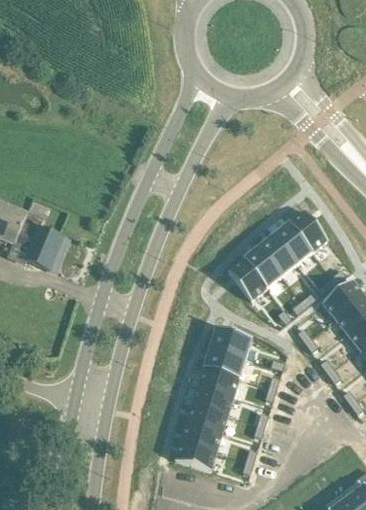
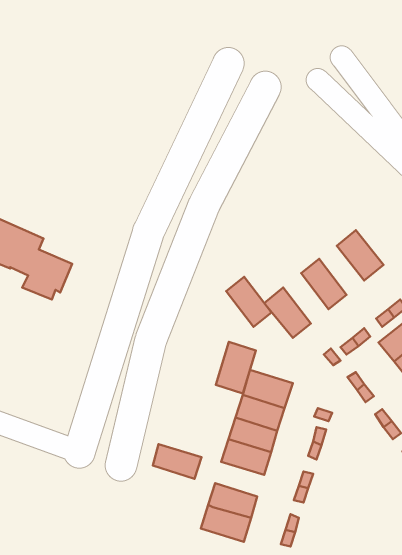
building: [274,223,312,264] -> none
building: [244,246,282,288] -> [226,277,271,327]
building: none -> [216,342,256,393]
building: [187,404,228,433] -> [153,444,202,479]

